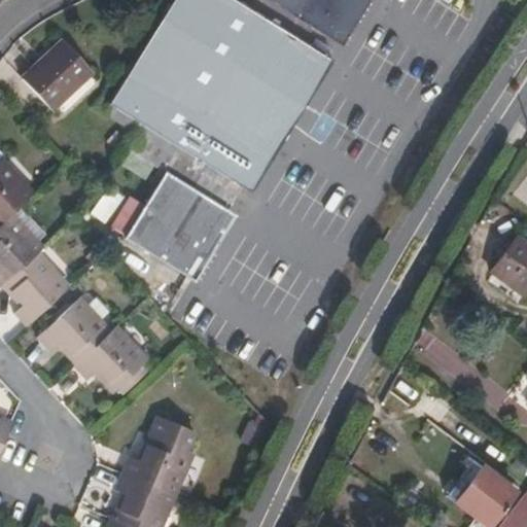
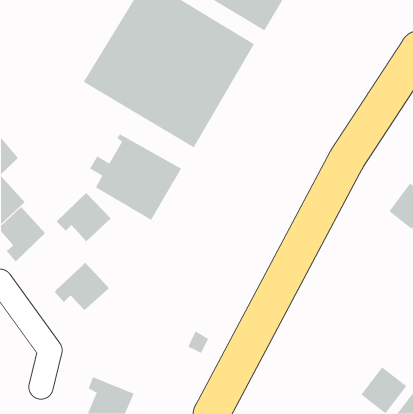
building: [26,38,101,111] -> none
building: [38,303,108,365] -> [56,192,112,242]
building: [124,416,195,495] -> none

